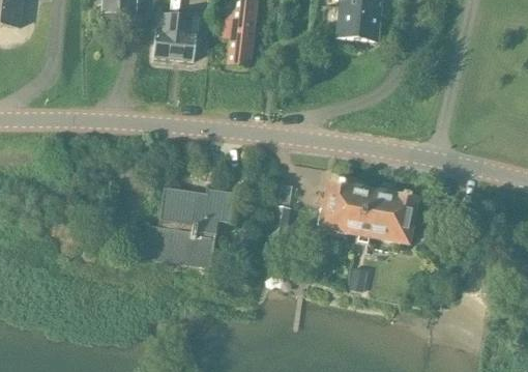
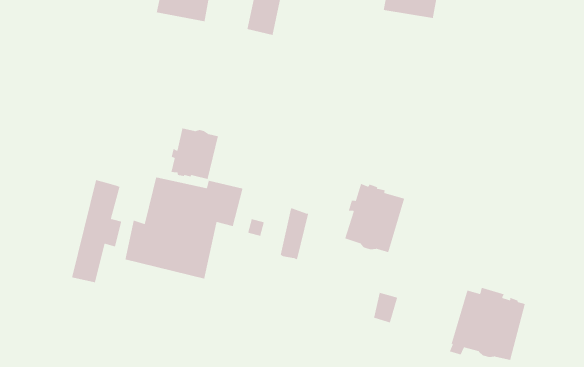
building: none -> [170,128,219,180]
building: [357,183,416,241] -> [449,287,526,361]
building: none -> [71,179,122,283]

